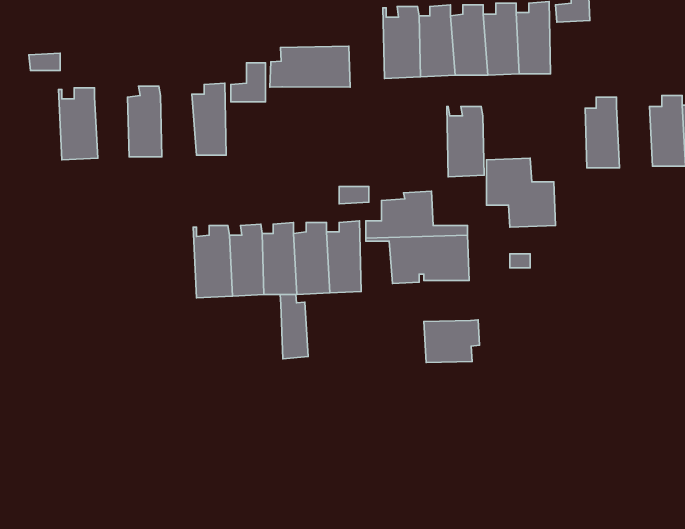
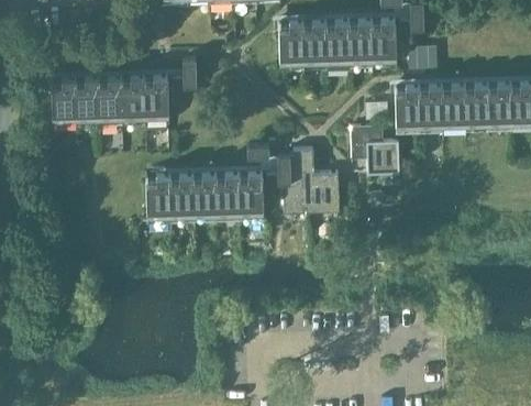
building: none -> [408,43,436,66]
building: [270,46,350,87] -> none
building: none -> [122,72,147,122]
building: none -> [76,73,100,123]
building: none -> [442,80,467,130]
building: [447,106,484,177] -> [395,81,421,131]
building: [280,295,308,359] -> none
building: [424,320,480,362] -> none

